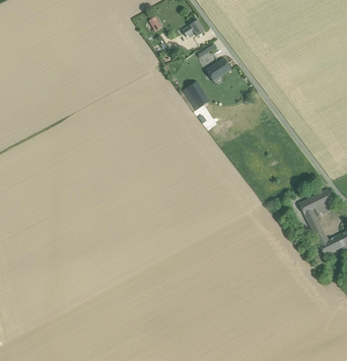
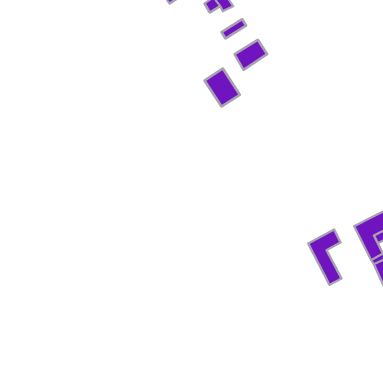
building: none -> [308,229,342,285]

